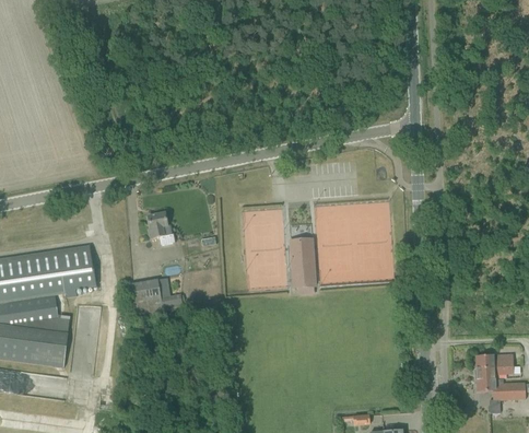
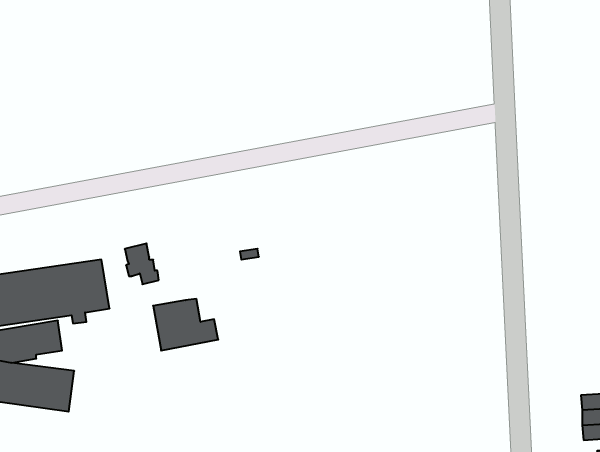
building: [148,211,175,244] -> [125,243,159,284]
building: [290,238,315,286] -> none

